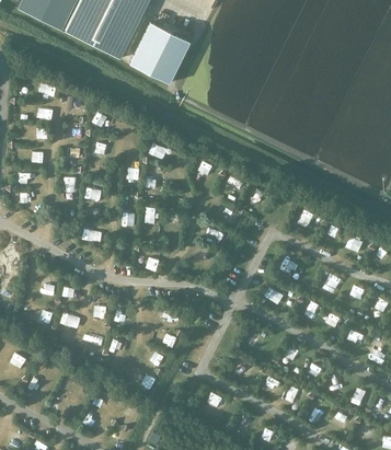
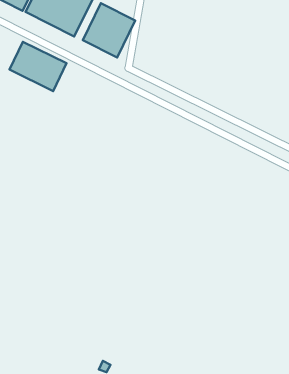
building: none -> [9,42,66,91]

